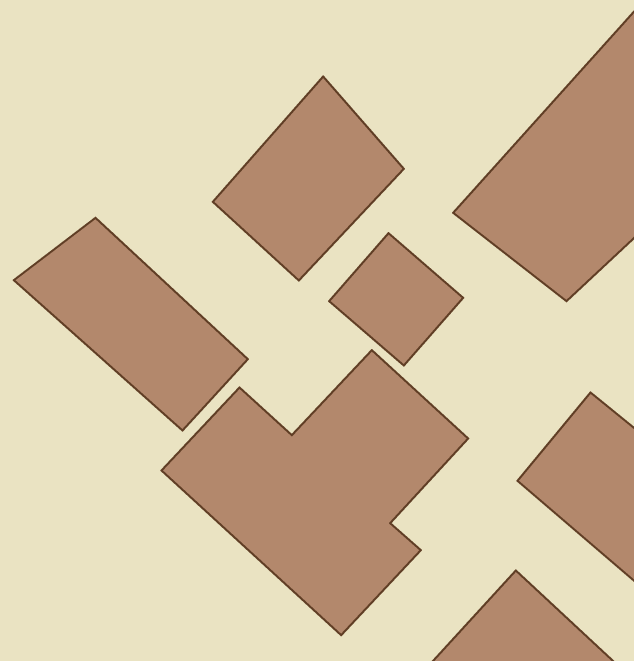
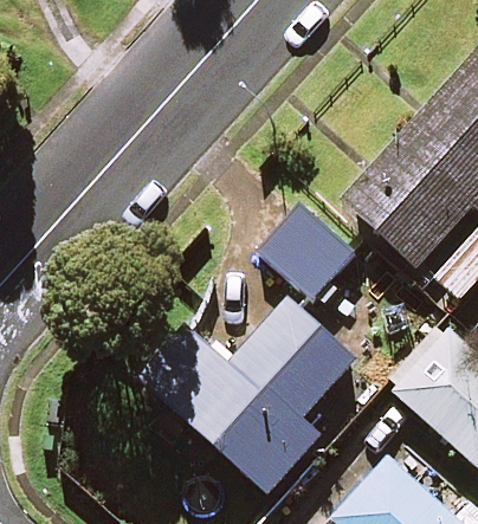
building: [213,76,404,281] -> none
building: [14,218,248,431] -> none

